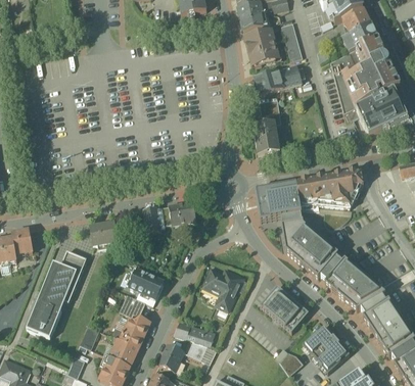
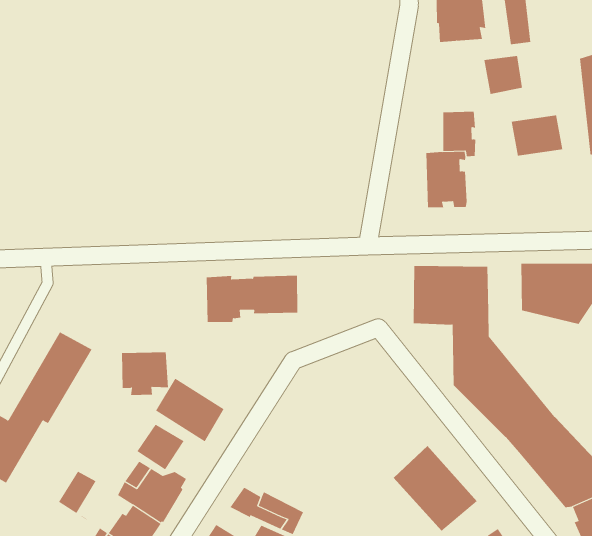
building: [253,69,284,95] -> [511,115,563,156]
building: [296,178,318,206] -> none
building: [90,221,119,247] -> [121,352,169,395]
building: [203,268,243,309] -> none

